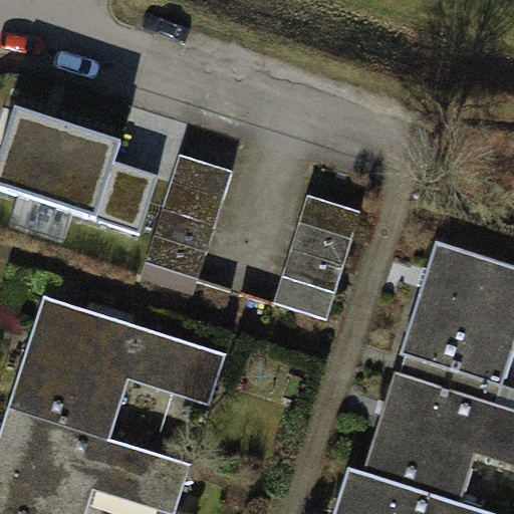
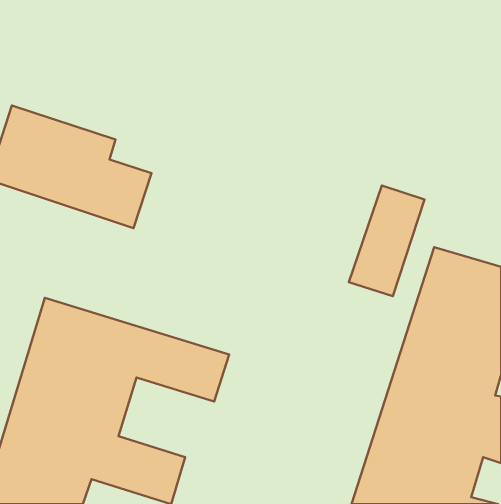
building: [148,162,231,282] -> none
building: [272,203,348,314] -> [349,185,425,296]

